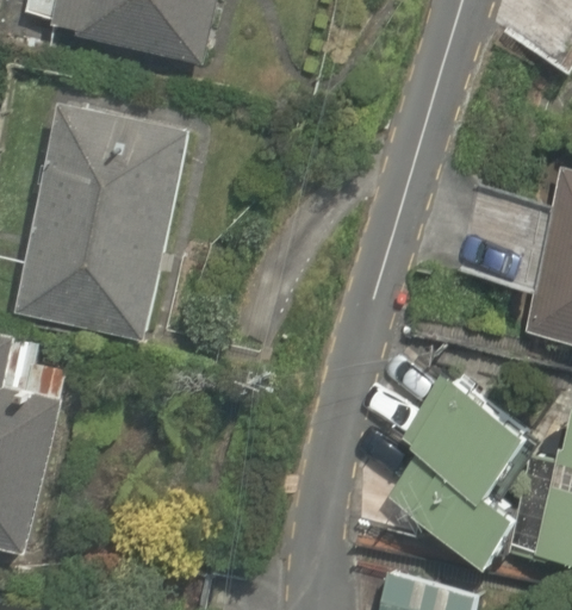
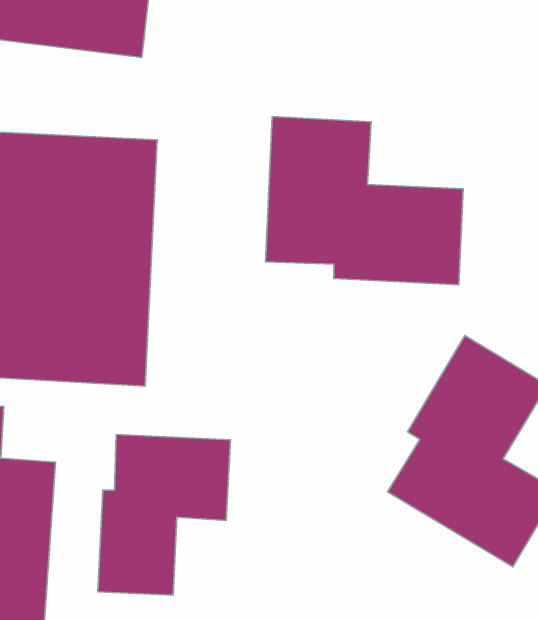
building: none -> [266,117,463,285]
building: none -> [98,435,230,595]

